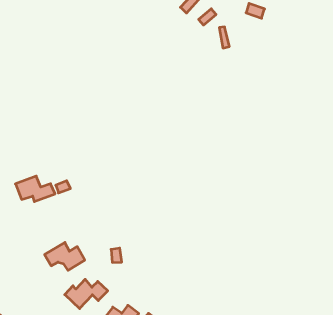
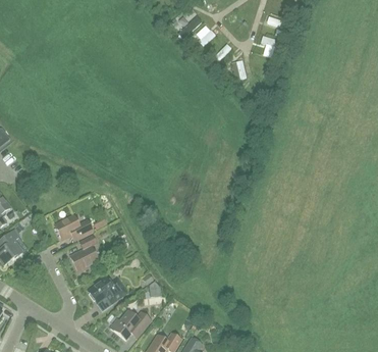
building: none -> [69,235,99,271]

